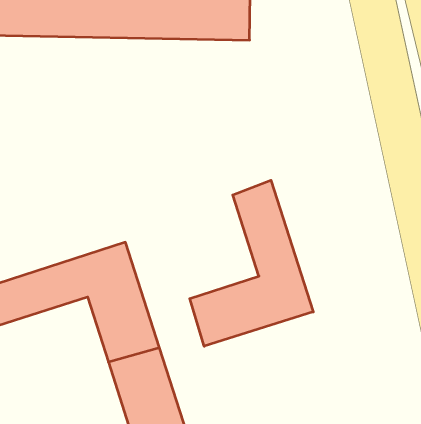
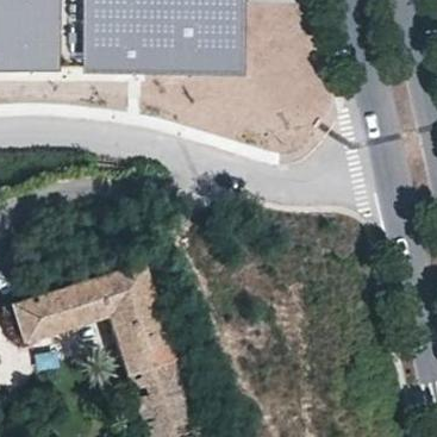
building: [190,180,313,346] -> none

